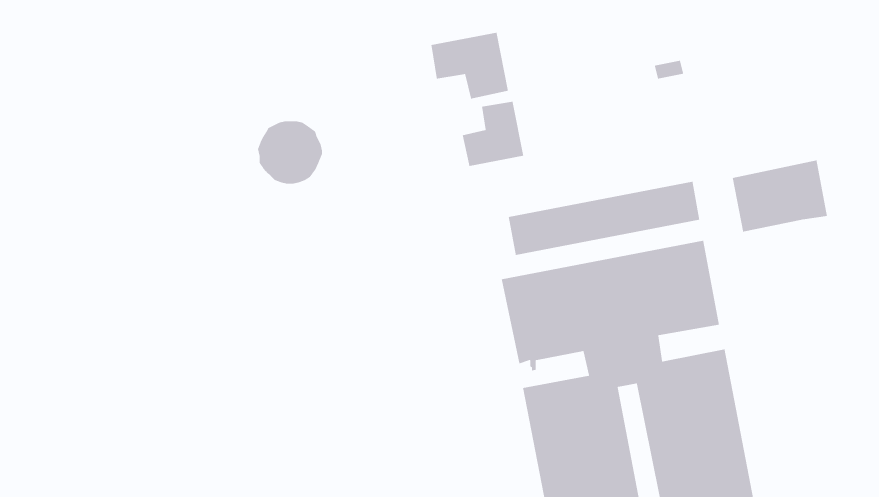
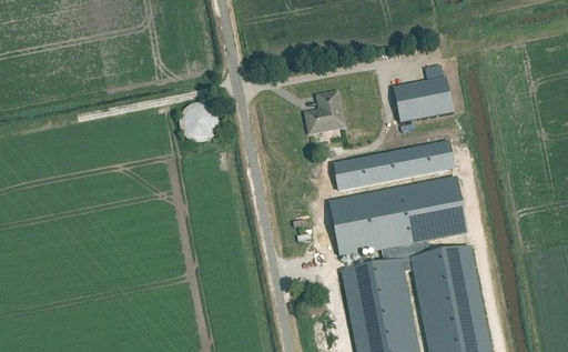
building: [431,32,509,100] -> none
building: [732,160,828,233] -> [392,76,452,121]

